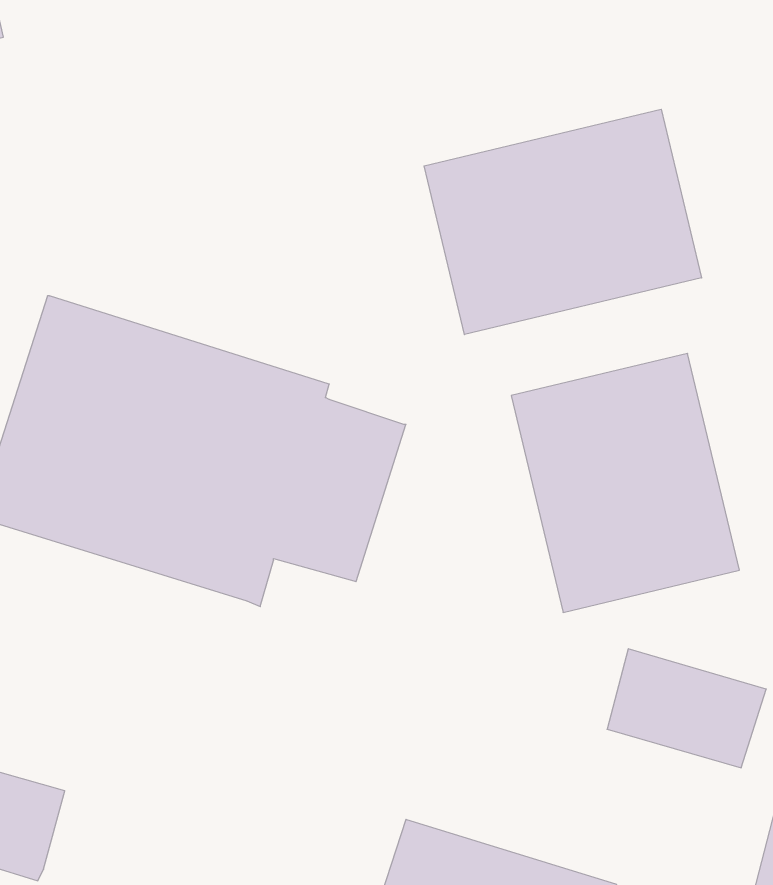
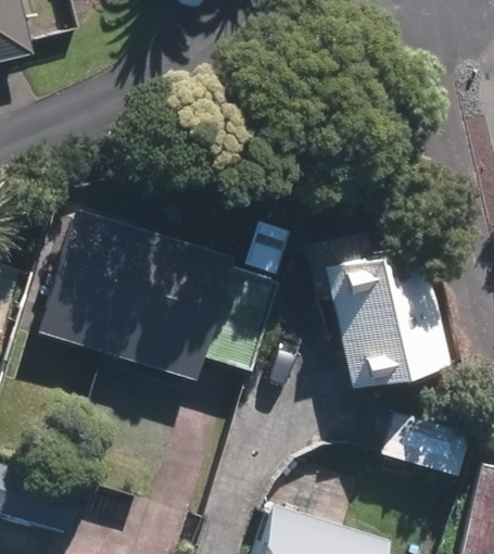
building: [424,109,702,335] -> none

